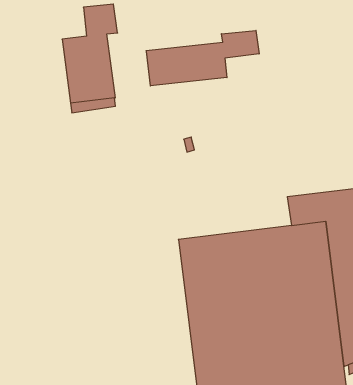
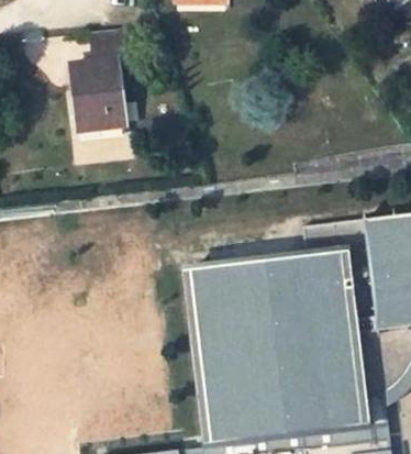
building: [146,30,259,86] -> none

